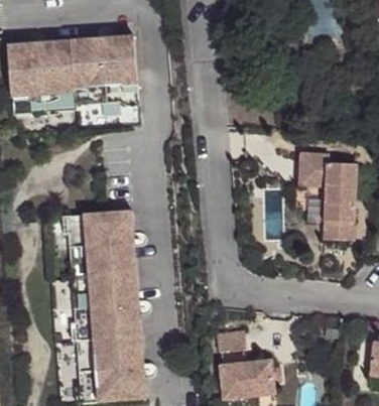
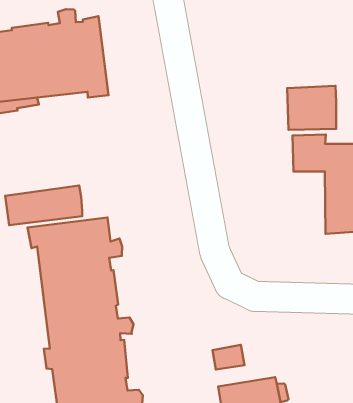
building: none -> [287,86,336,130]
building: none -> [5,186,82,225]

